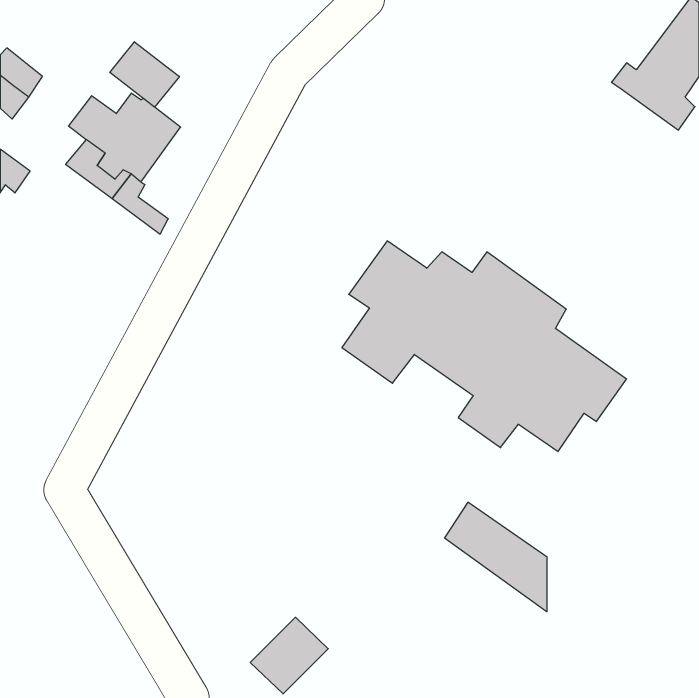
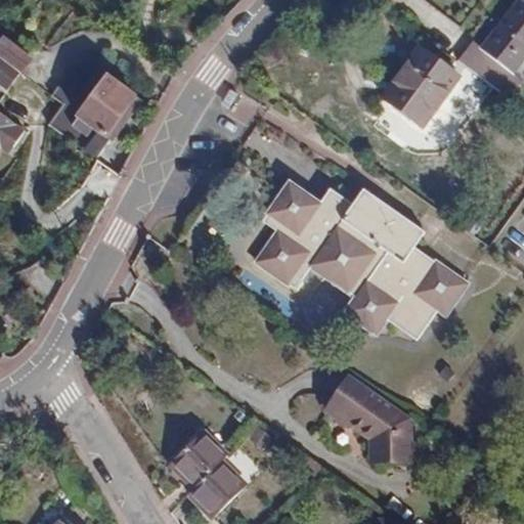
building: [110,42,179,107] -> none
building: none -> [382,47,457,126]
building: none -> [328,402,409,462]
building: none -> [169,431,226,489]

